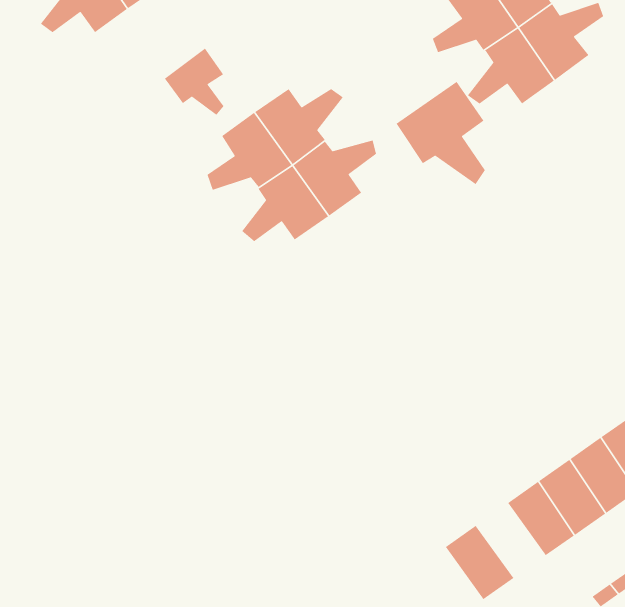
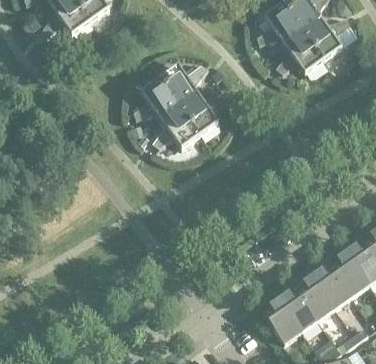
building: [164,48,225,116] -> none
building: [396,81,486,185] -> none
building: none -> [279,291,317,332]

